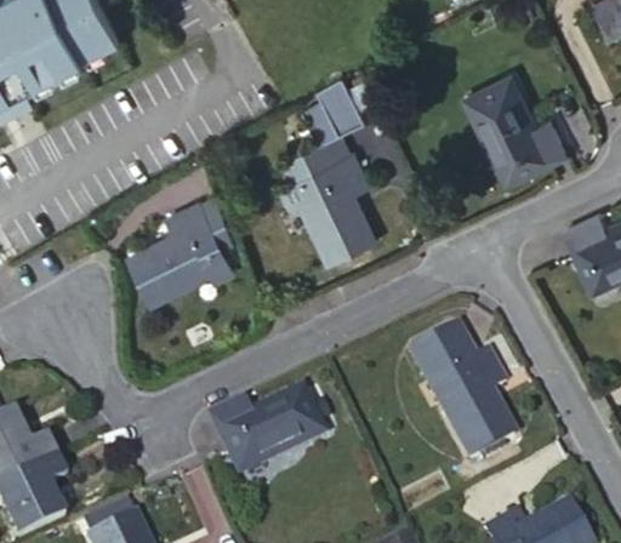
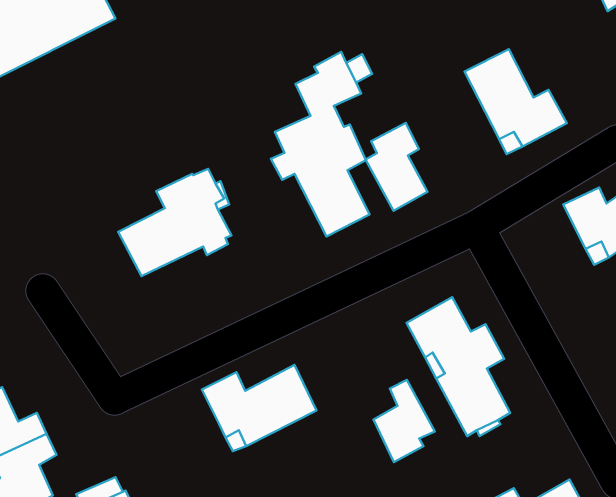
building: none -> [366,123,428,211]
building: none -> [373,380,435,462]

